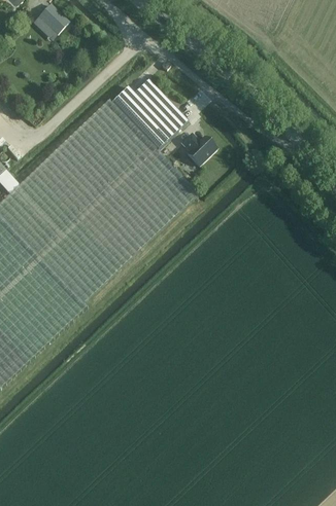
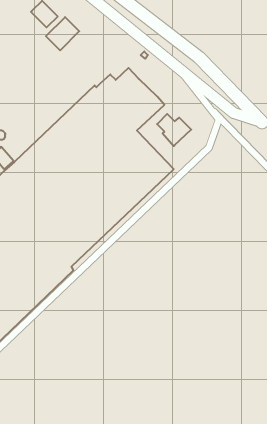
building: none -> [46,17,79,50]

